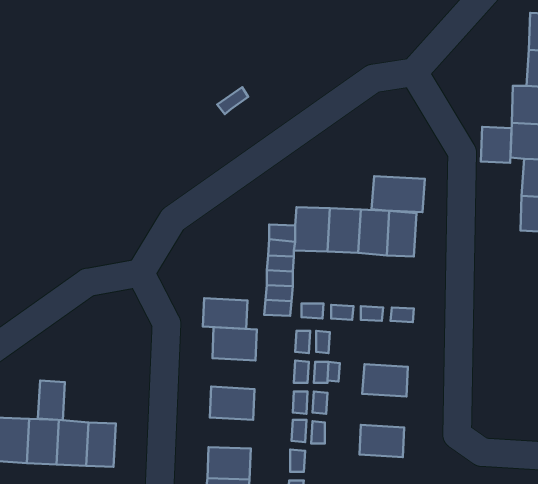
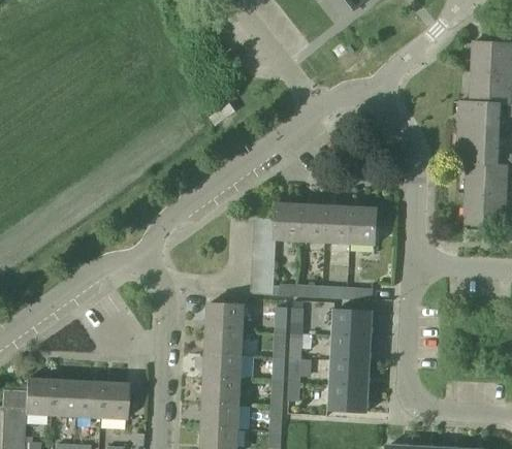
building: [481,127,511,163] -> none
building: [372,176,425,212] -> none
building: [203,298,247,329] -> [205,328,243,354]
building: none -> [333,308,371,335]
building: [38,380,65,420] -> none
building: none -> [330,358,369,386]
building: none -> [203,378,241,404]

